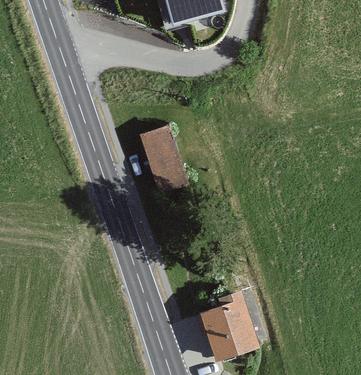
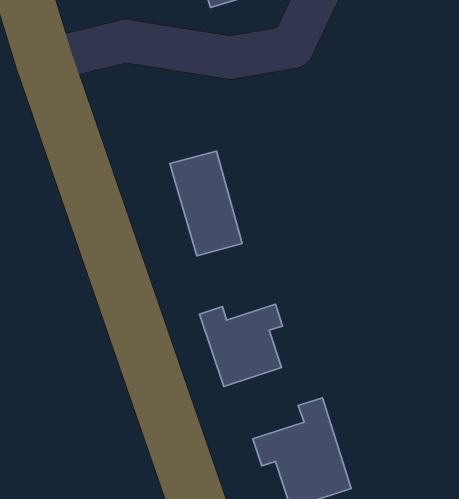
building: none -> [200,304,282,386]

